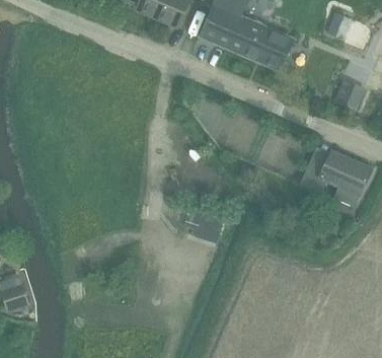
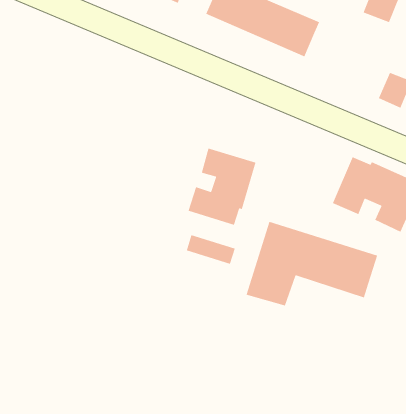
building: none -> [188,148,257,226]
building: none -> [246,221,378,307]

